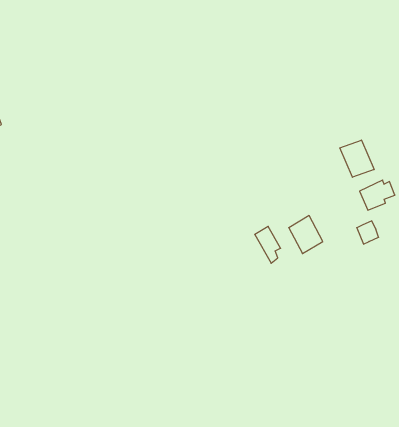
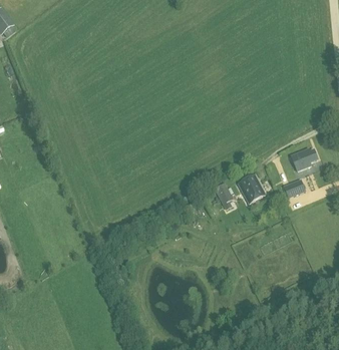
building: [340,140,374,177] -> none

